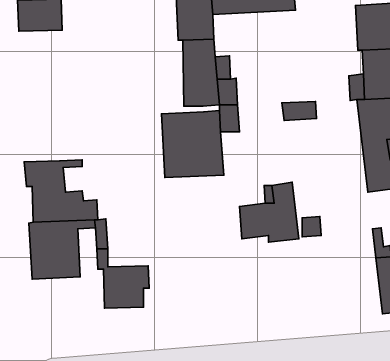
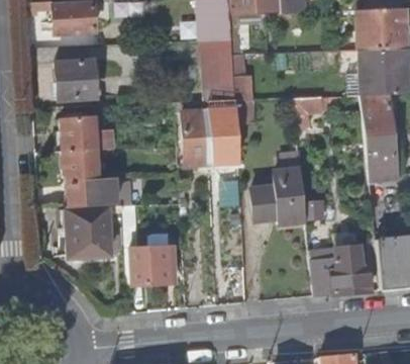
building: none -> [57,62,95,99]
building: none -> [59,117,92,152]
building: none -> [314,245,375,295]

